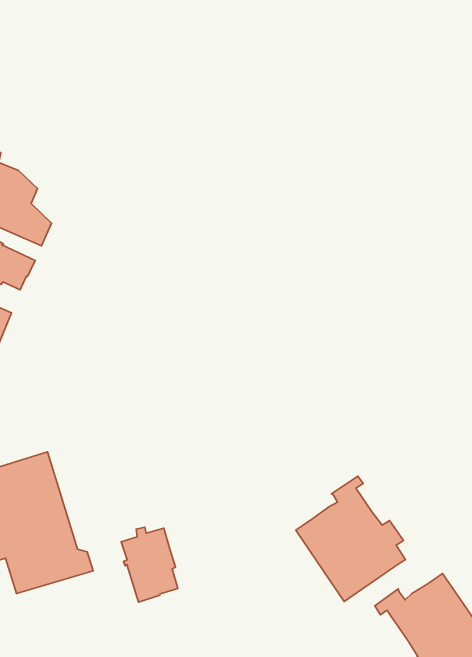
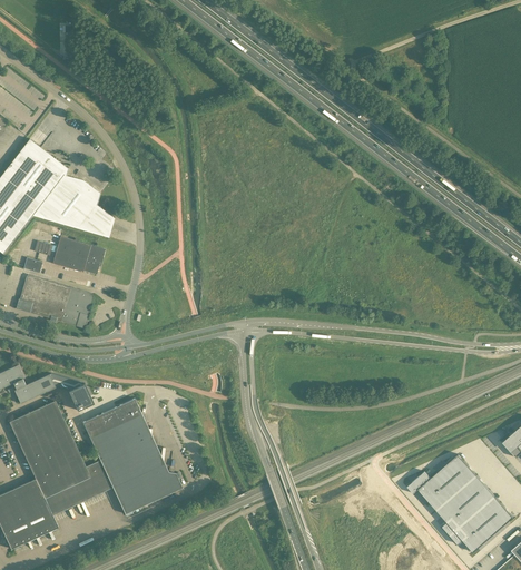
building: [296,476,405,601] -> none
building: [121,527,178,602] -> none

